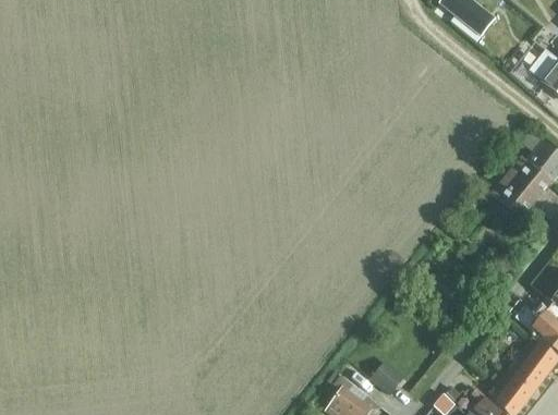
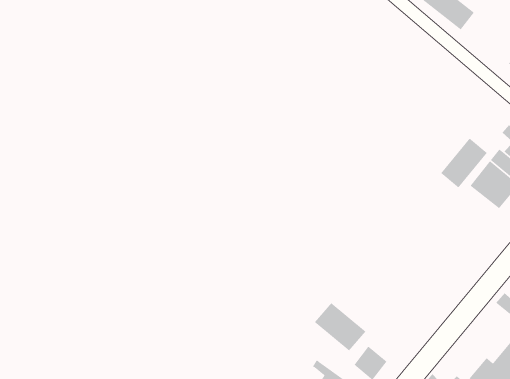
building: none -> [440,137,488,189]
building: none -> [314,302,366,352]

